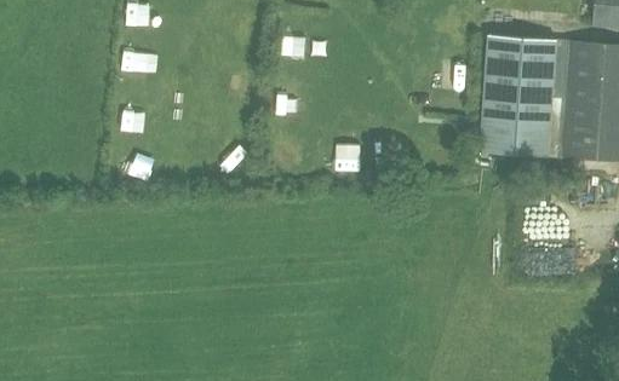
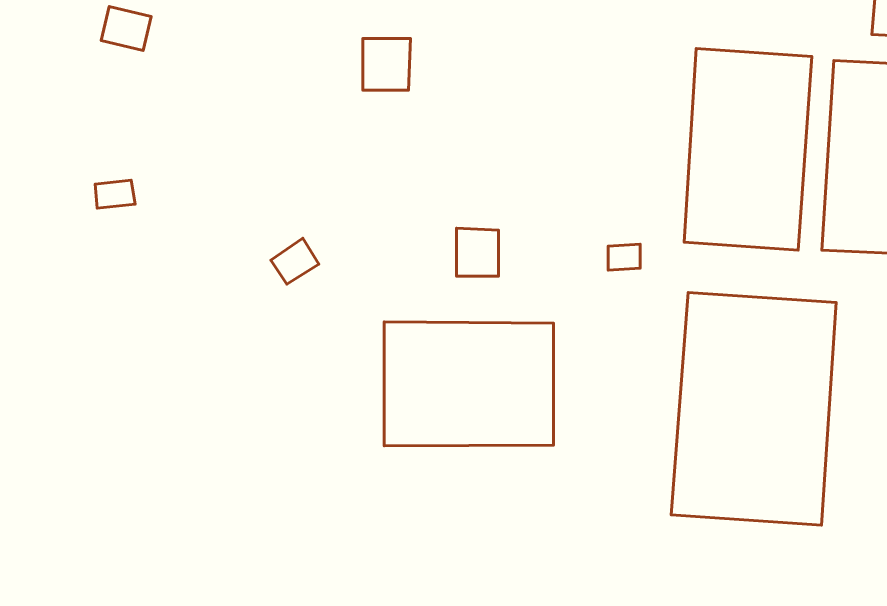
building: none -> [671,292,836,525]
building: none -> [384,322,553,446]

